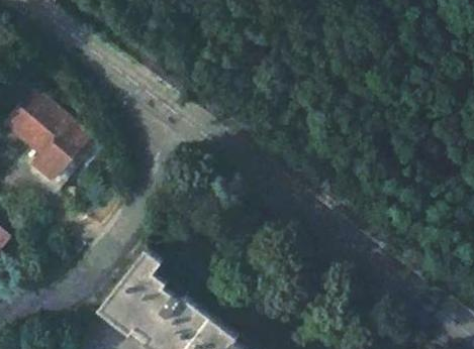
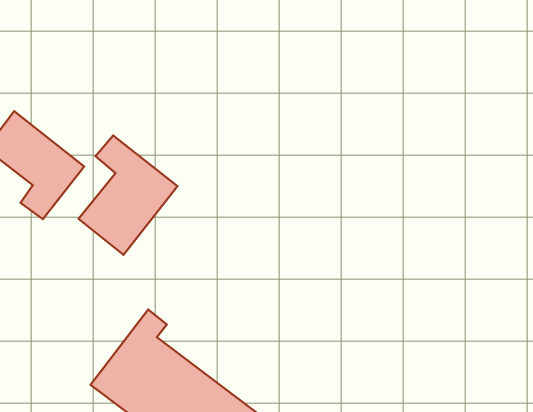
building: none -> [78,136,177,255]

